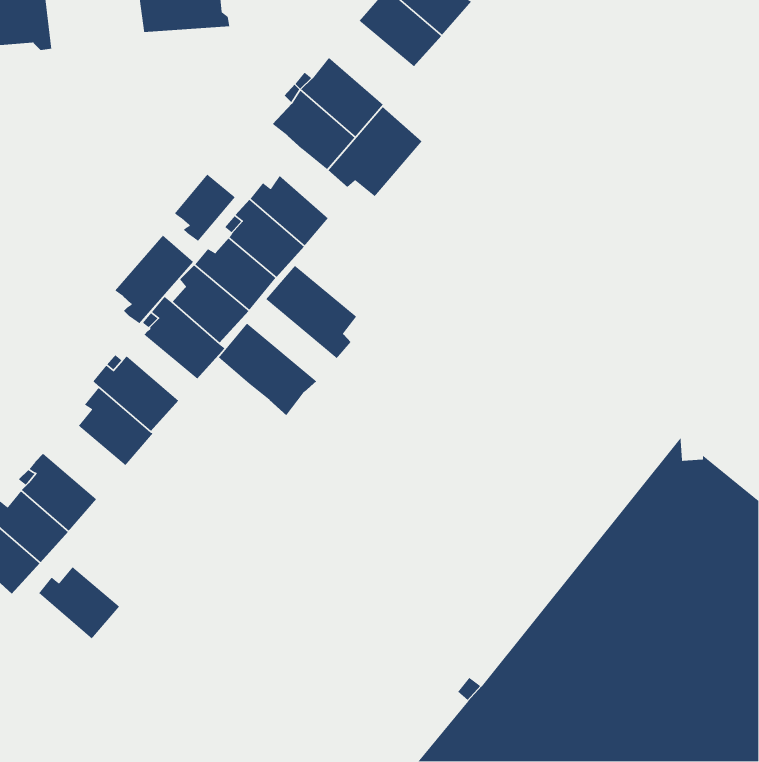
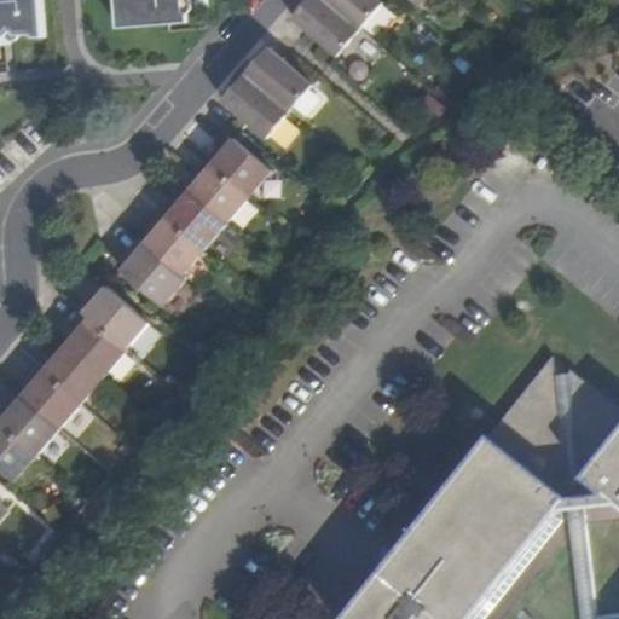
building: [327,106,422,197] -> none
building: [174,173,236,242] -> none
building: [114,234,194,324] -> none
building: [265,265,357,359] -> none
building: [218,323,317,416] -> none
building: [38,566,120,639] -> [35,345,102,404]

